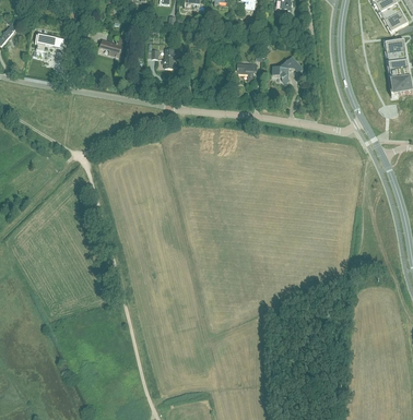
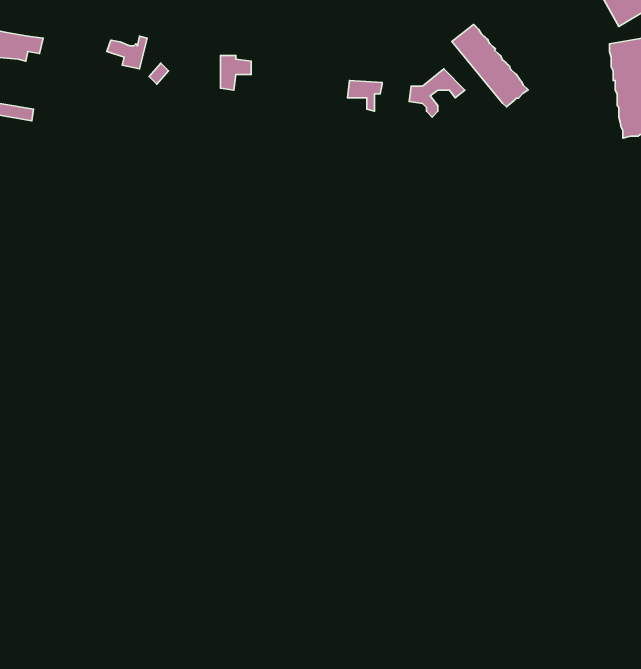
building: none -> [452,25,528,107]

